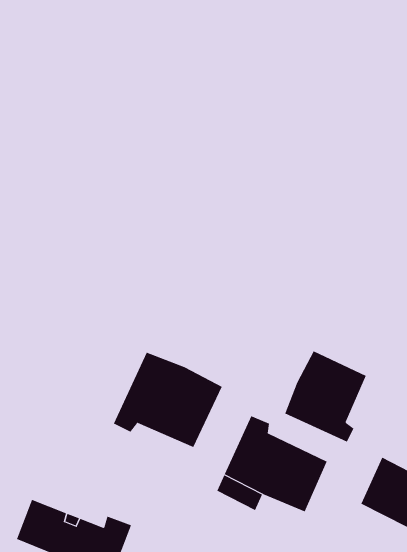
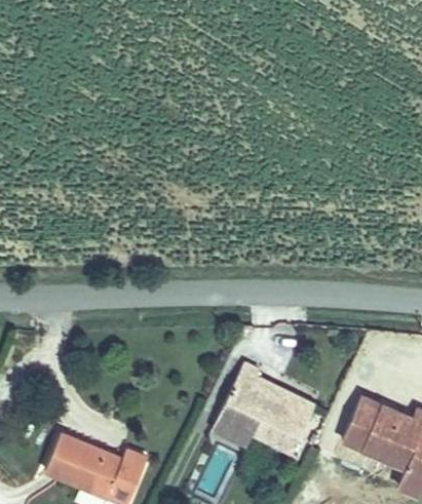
building: [285,351,366,442] -> none
building: [113,352,223,448] -> none

